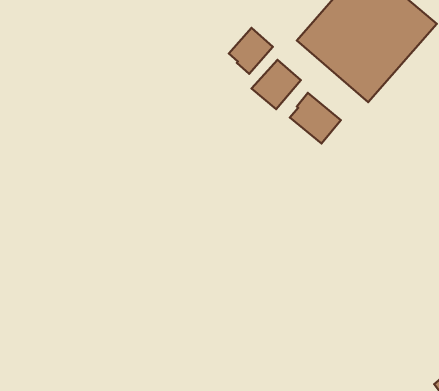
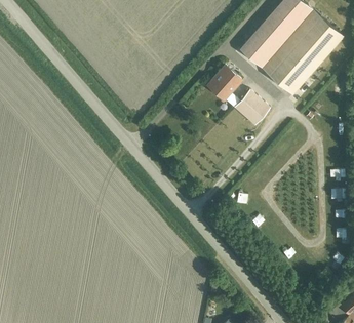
building: [229,28,273,74] -> none

